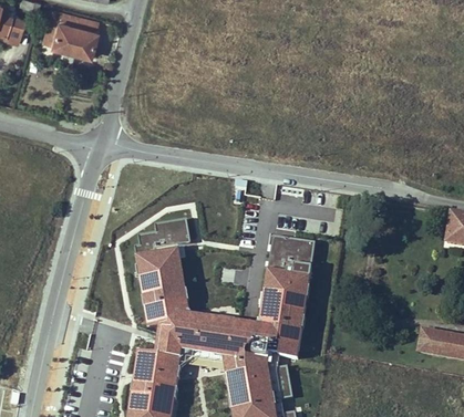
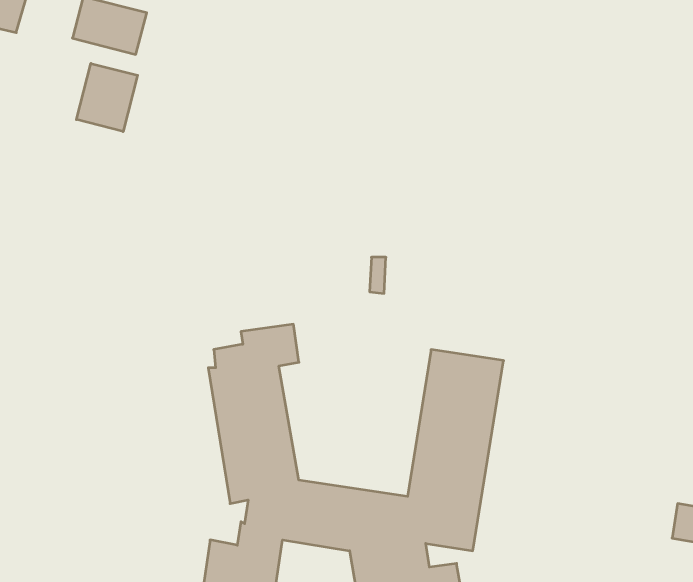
building: none -> [76,63,138,132]

